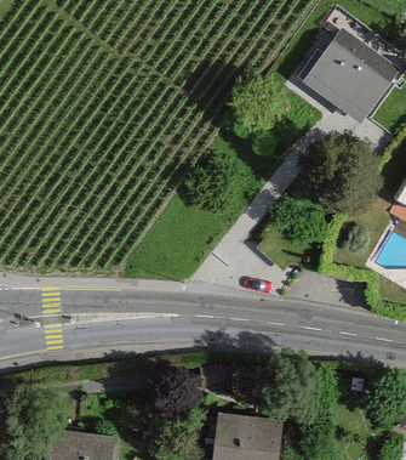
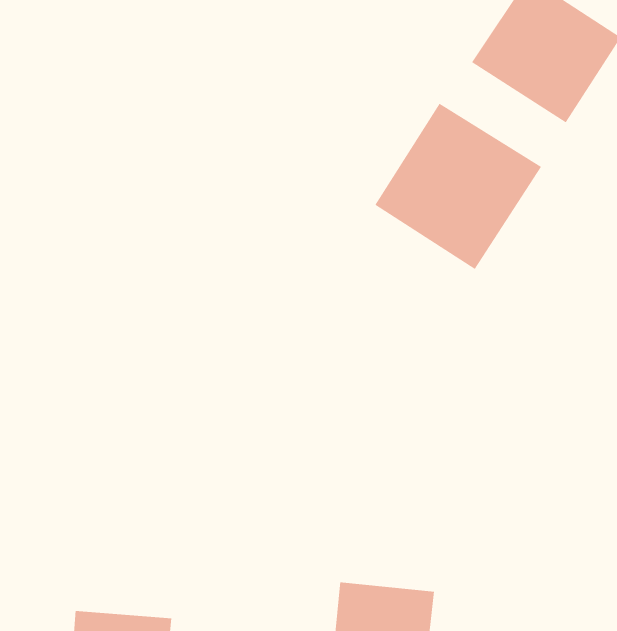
building: none -> [374,103,542,270]

